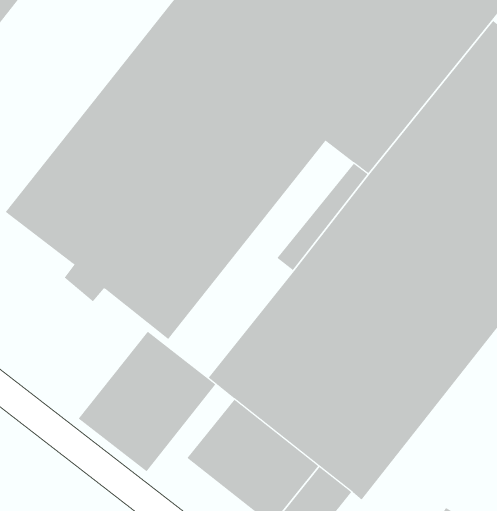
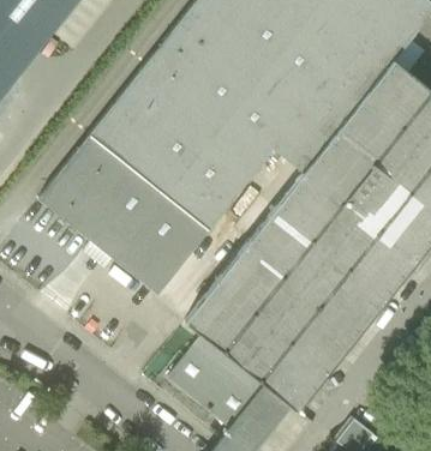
building: [78,331,216,472] -> none

